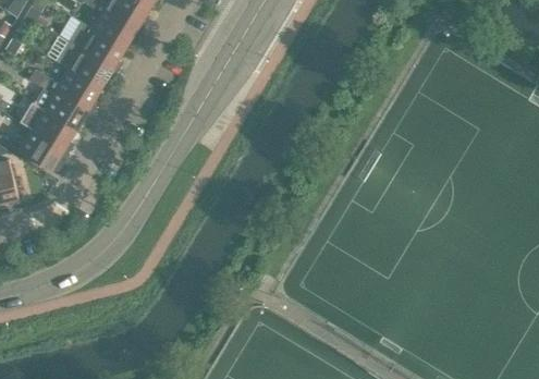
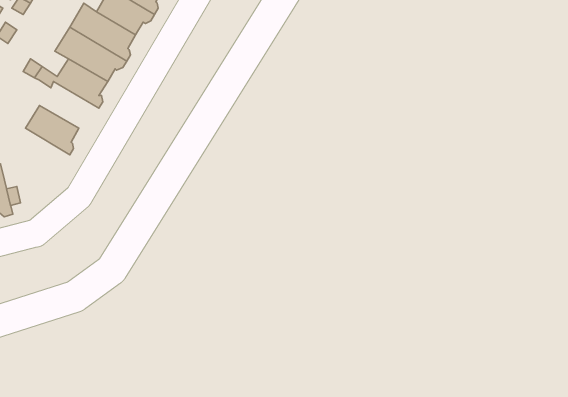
building: [33,87,93,129] -> none
building: [16,129,68,170] -> none

